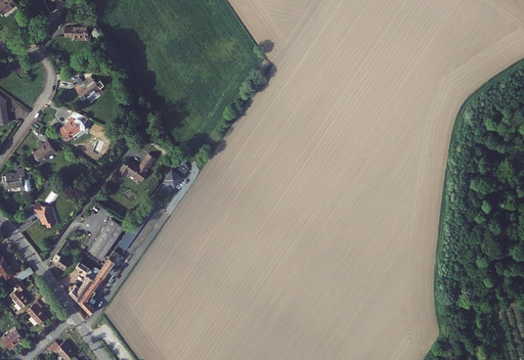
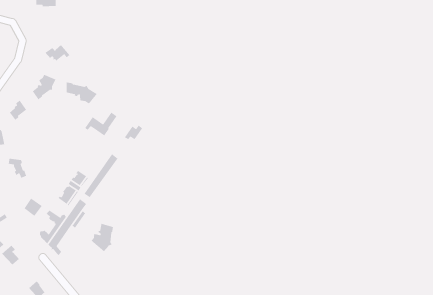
building: none -> [66,81,98,105]
building: none -> [91,223,114,252]

